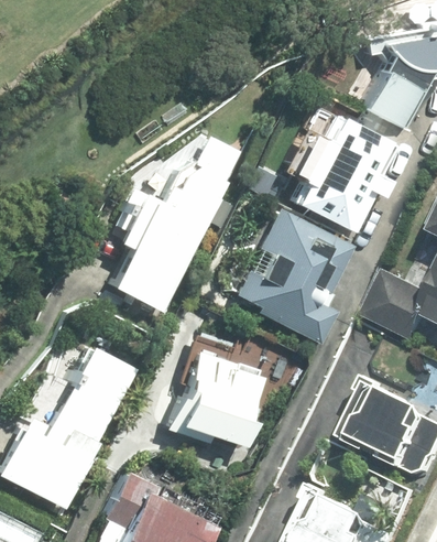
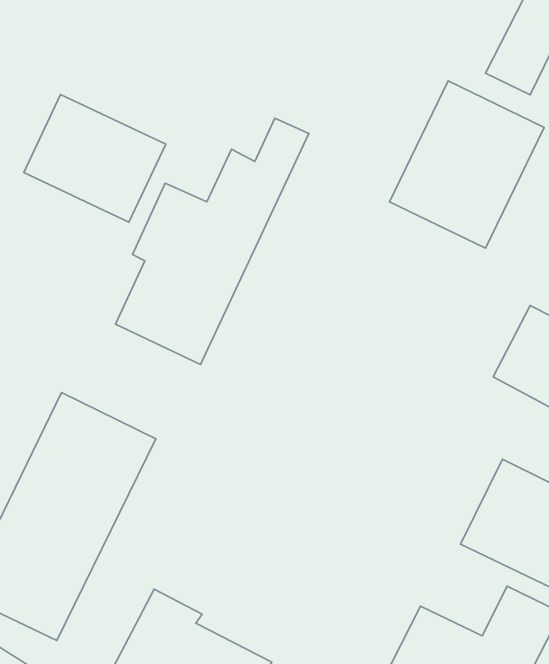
building: none -> [24,95,166,222]
building: [237,212,361,348] -> none
building: [166,346,275,449] -> none

